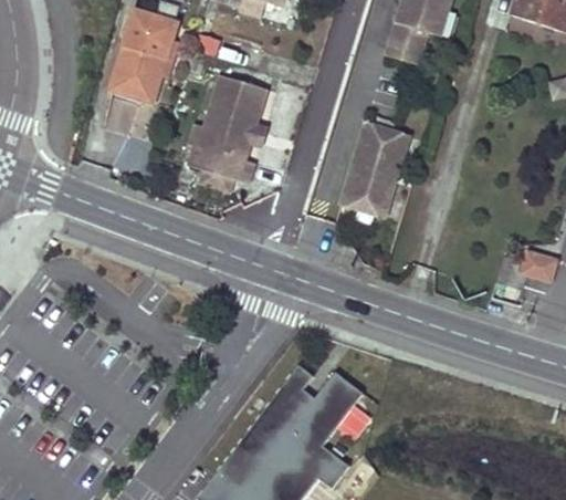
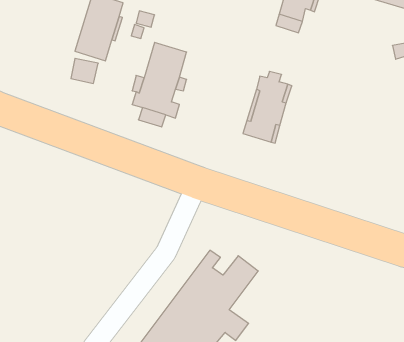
building: [517,251,557,284] -> none

